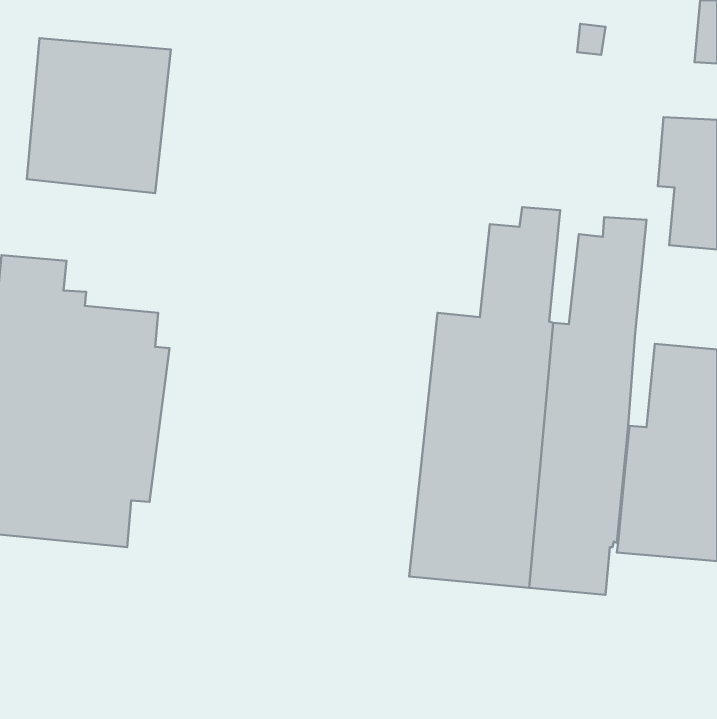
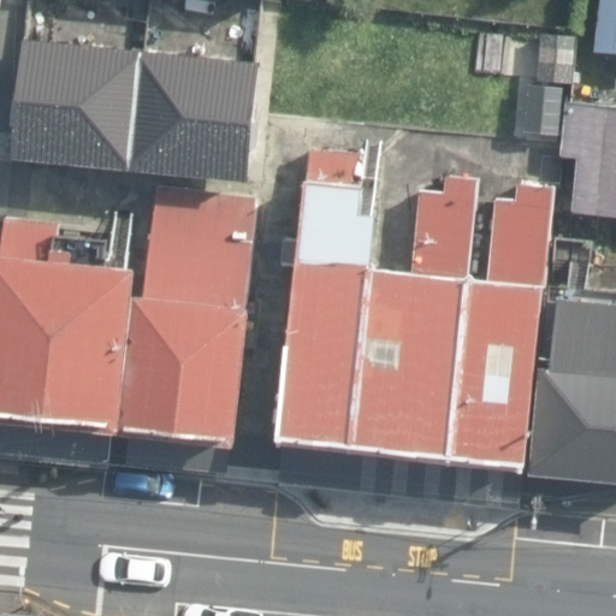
building: none -> [132,43,262,178]
building: none -> [276,152,378,493]
building: none -> [124,189,254,474]

